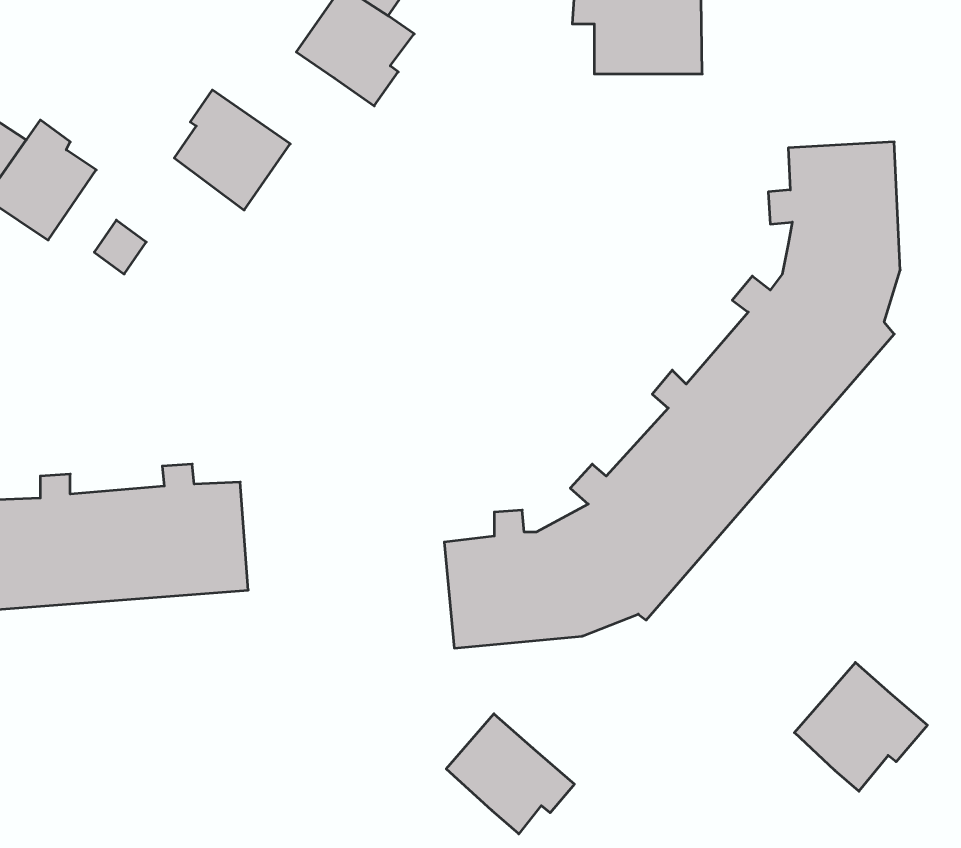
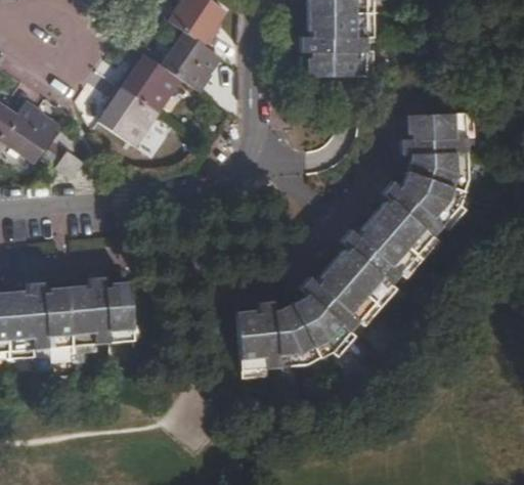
building: none -> [116,54,178,113]
building: [794,662,927,791] -> none
building: [446,714,574,834] -> none

